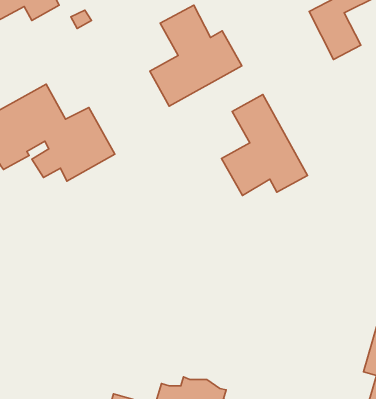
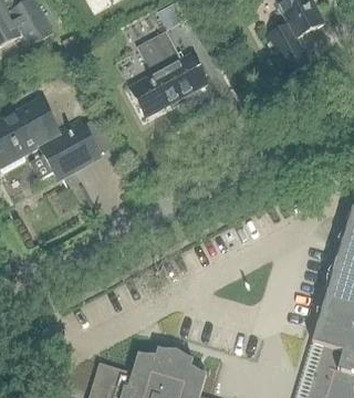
building: [221,95,308,196] -> none

